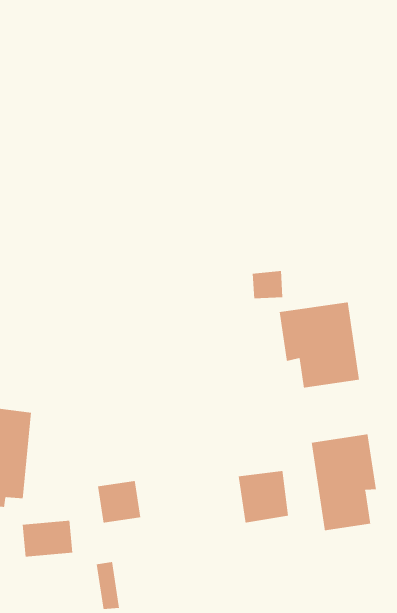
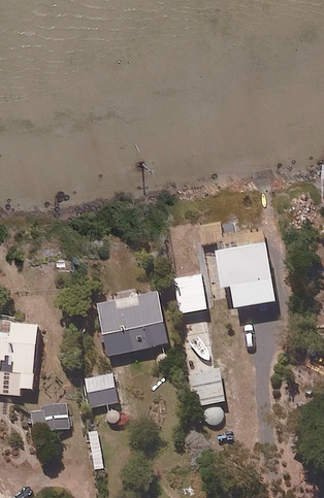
building: none -> [173,275,205,313]
building: none -> [96,288,167,356]
building: [311,433,376,531] -> none

